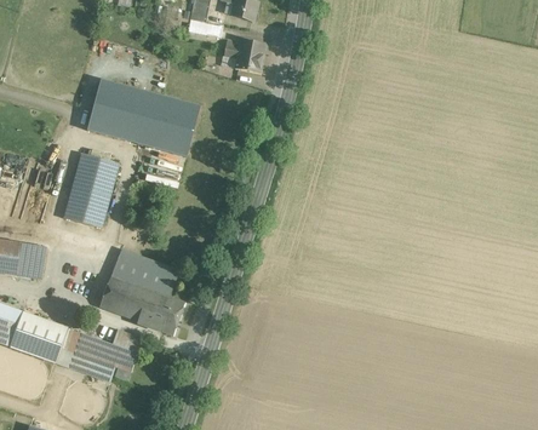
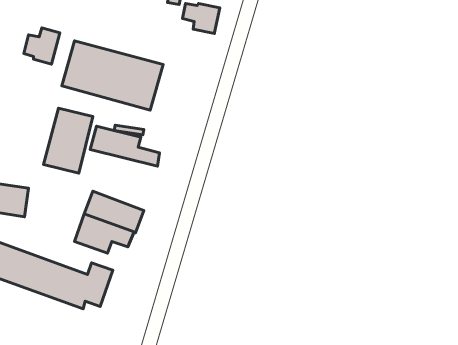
building: none -> [24,28,60,64]
building: none -> [90,126,159,166]
building: [136,296,183,336] -> none

